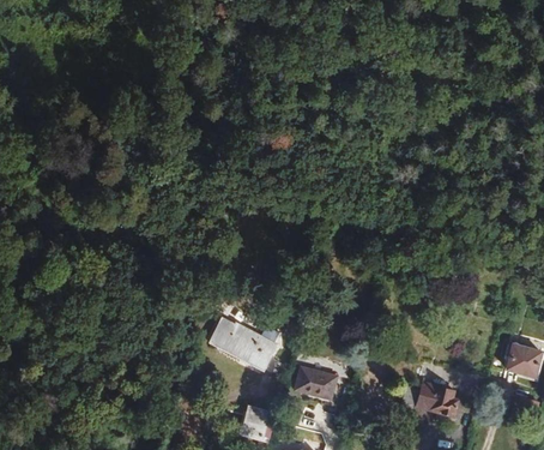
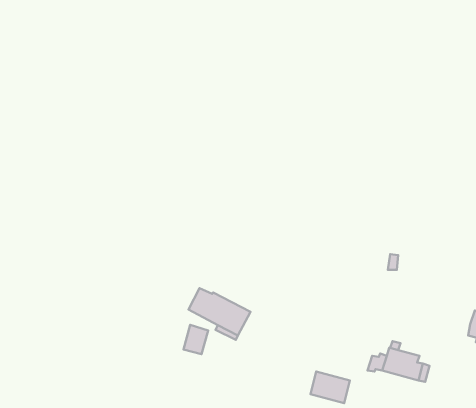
building: [295,364,337,397] -> [310,372,350,403]
building: [242,404,268,436] -> [183,325,208,354]

